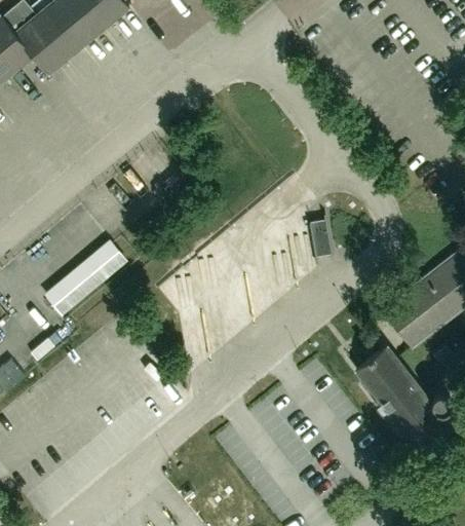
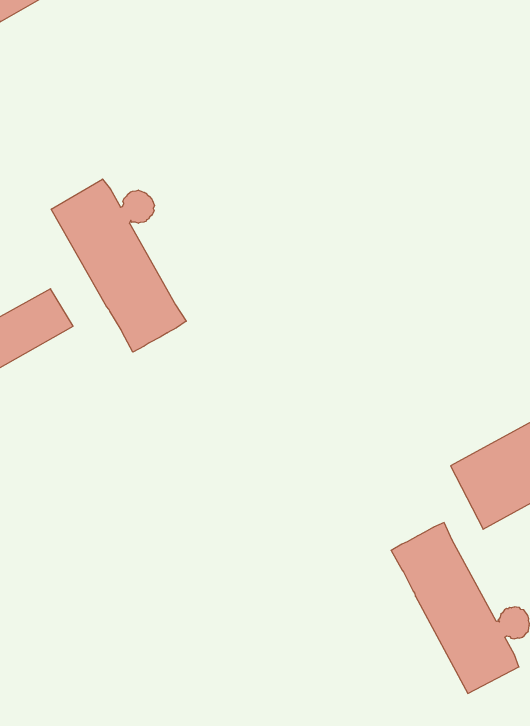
building: none -> [51,179,186,352]
building: [308,210,332,264] -> none

